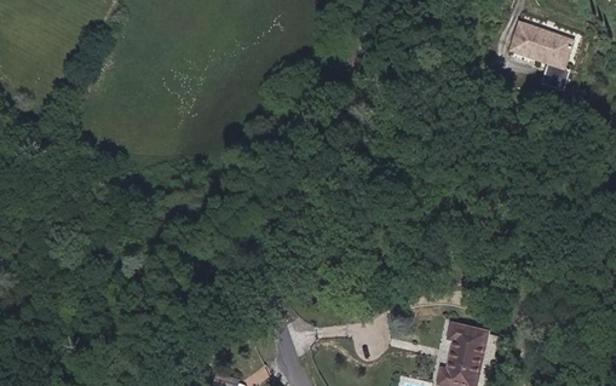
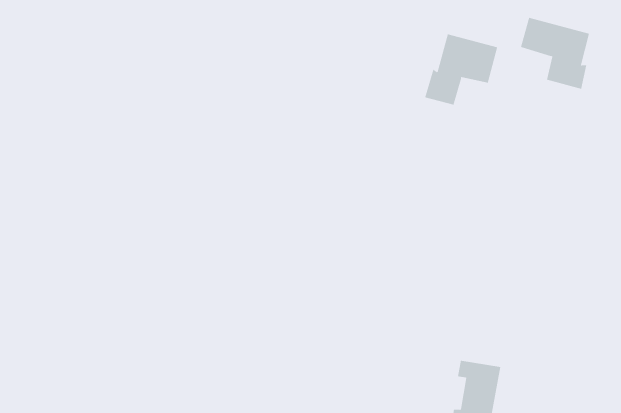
building: none -> [425,33,498,106]

